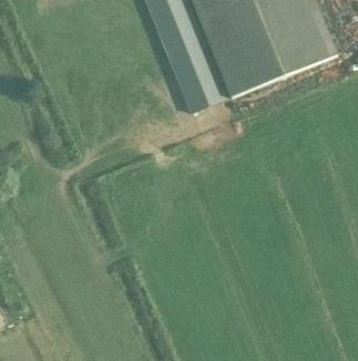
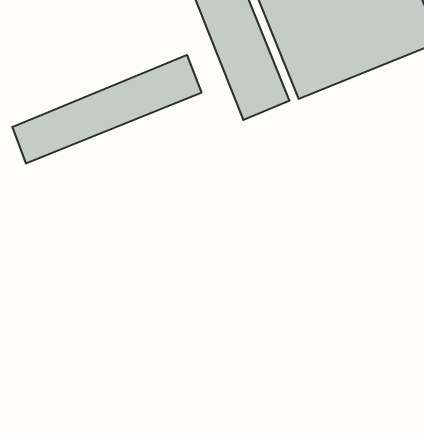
building: none -> [12,55,201,164]

